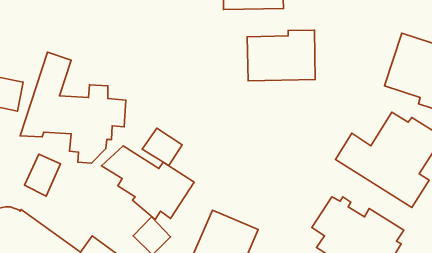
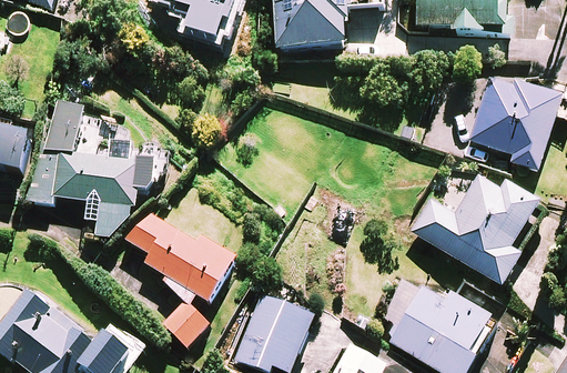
building: [247,30,315,81] -> none
building: [142,128,182,165] -> none
building: [25,154,60,196] -> none

